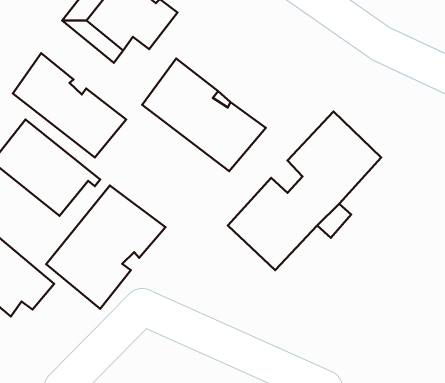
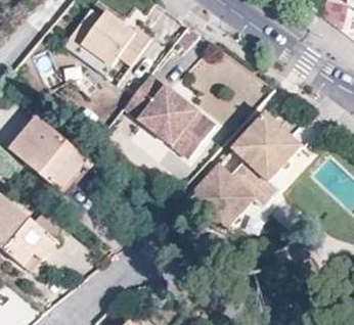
building: [13,53,126,158] -> none
building: [46,185,165,309] -> none

